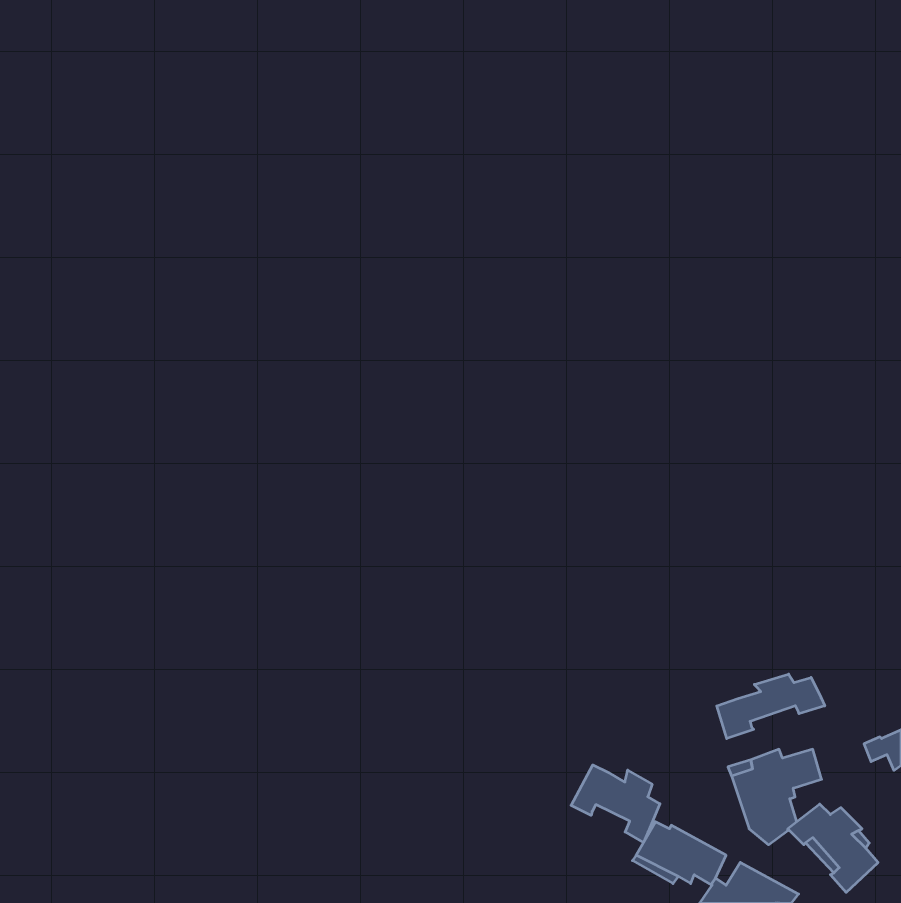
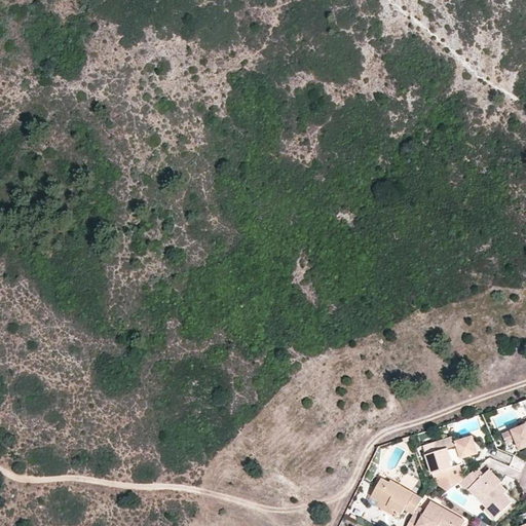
building: [717,674,825,739] -> none
building: [571,765,660,843] -> none

